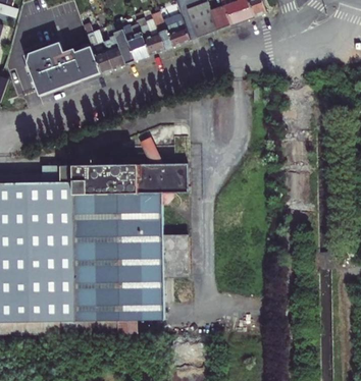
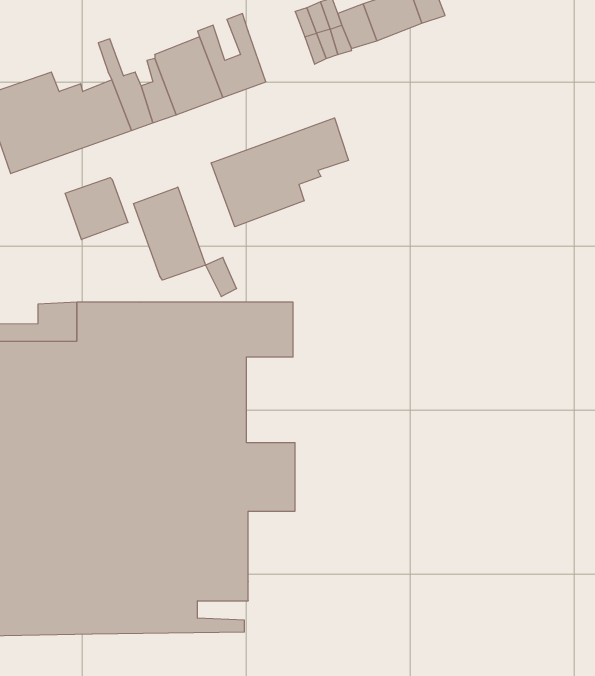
building: [161,14,188,47] -> none
building: none -> [211,118,349,227]
building: none -> [65,178,128,240]
building: none -> [134,187,205,280]

